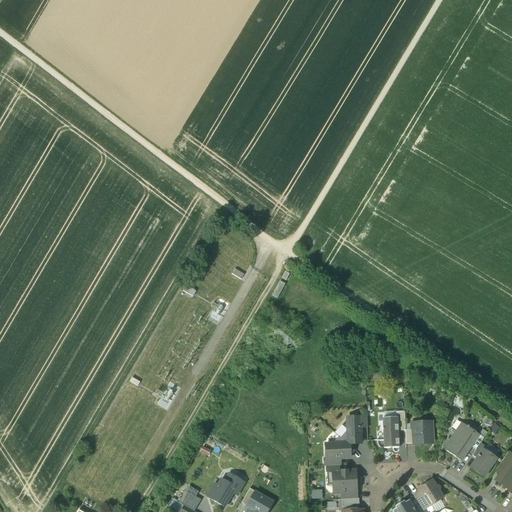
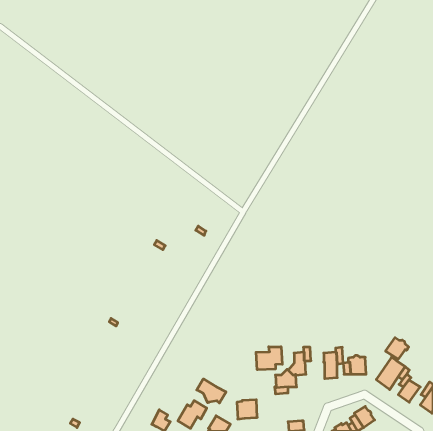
building: none -> [386,338,409,359]
building: none -> [256,347,282,370]
building: none -> [197,379,226,403]
building: [332,469,356,492] -> [237,400,257,419]

